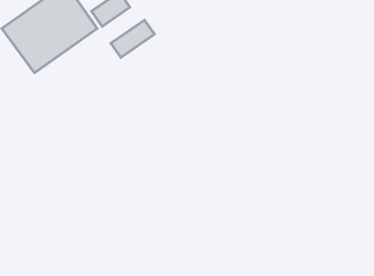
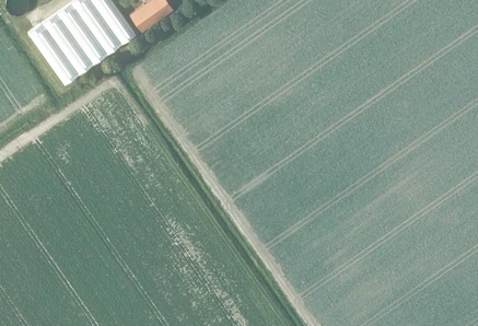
building: [111,20,154,58] -> none

